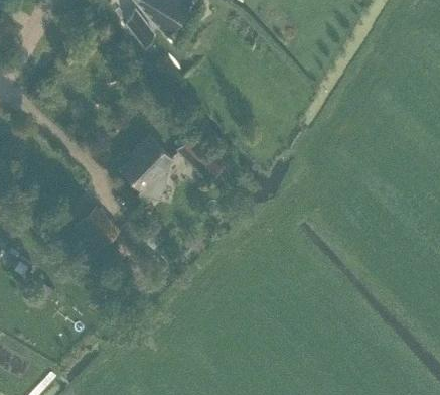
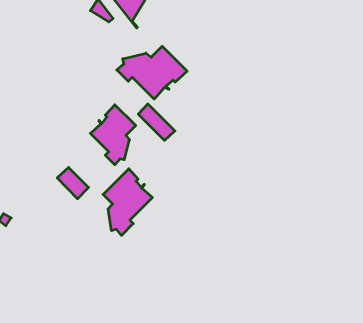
building: none -> [117,46,187,99]
building: none -> [103,169,152,235]

